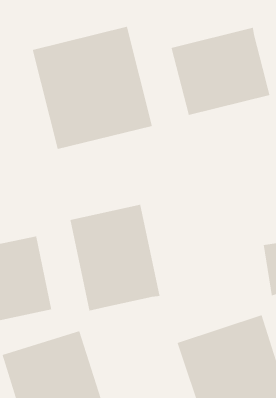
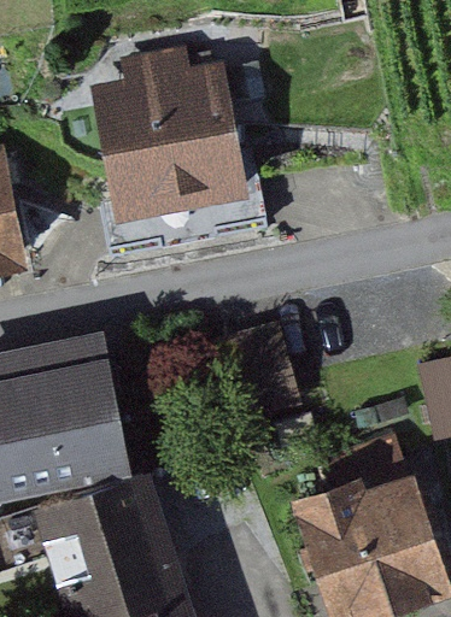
building: [171,27,270,116] -> none
building: [70,204,160,311] -> none

